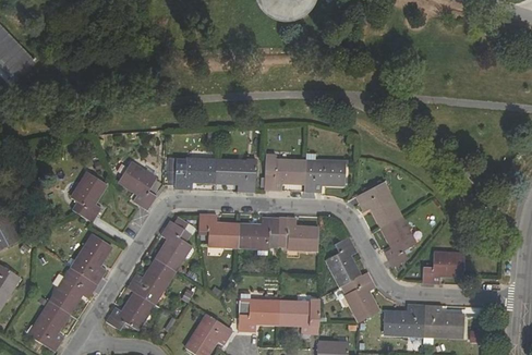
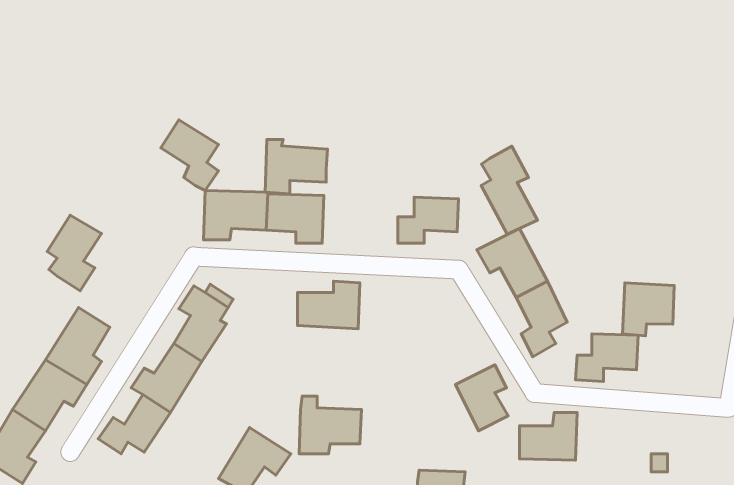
building: none -> [481,146,538,234]
building: [263,155,304,191] -> [265,139,328,194]
building: [118,163,156,210] -> [161,120,218,191]
building: [198,215,237,246] -> none
building: [277,218,317,249] -> none
building: none -> [622,283,674,336]
building: [327,236,361,285] -> none
building: [278,299,318,333] -> none
building: [421,304,463,336] -> none

